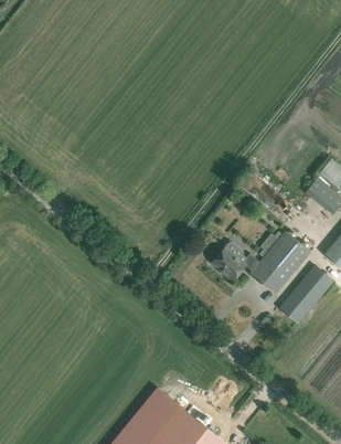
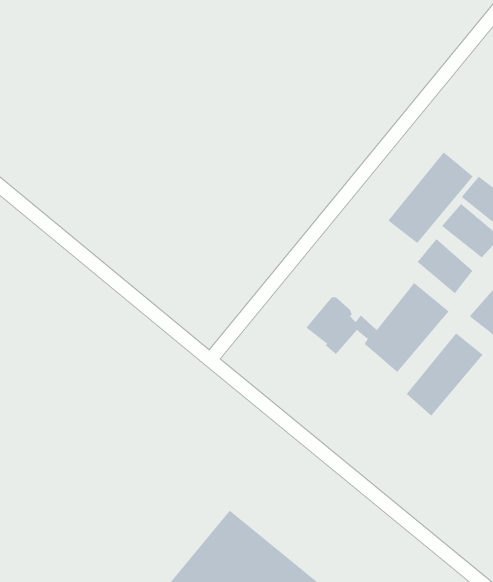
building: none -> [388,151,474,244]
building: none -> [417,238,473,294]

